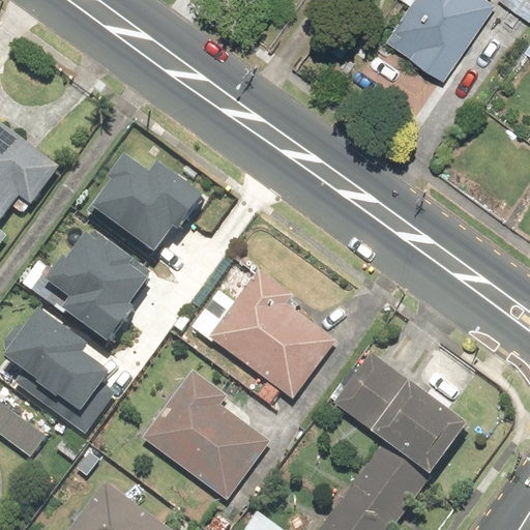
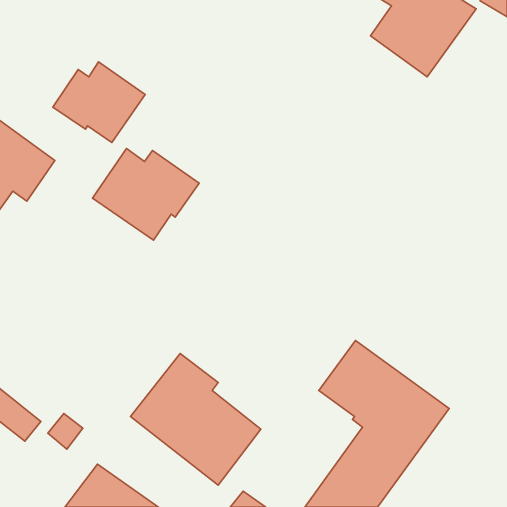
building: none -> [53,62,145,143]
building: [47,225,152,333] -> none
building: [189,270,335,404] -> none
building: [12,311,124,433] -> none

